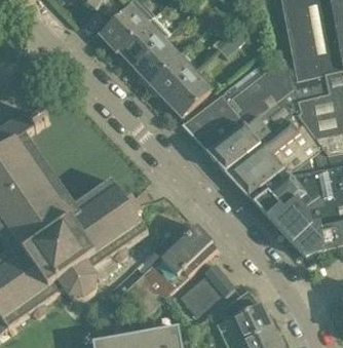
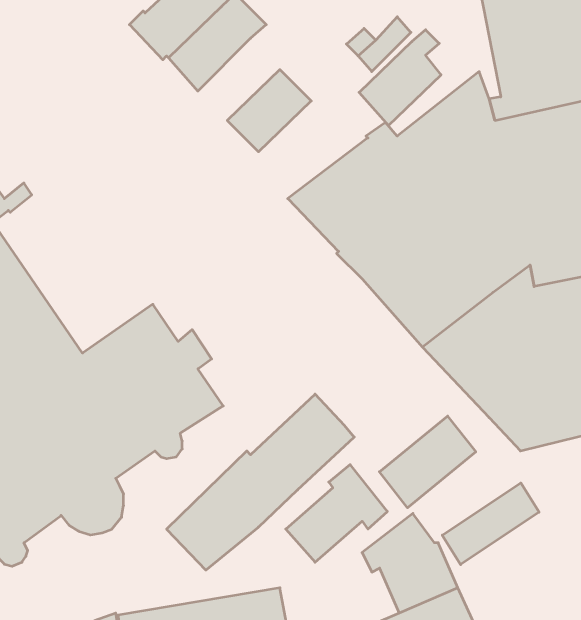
building: [135,39,178,82] -> none
building: [166,66,209,116] -> [359,30,441,126]
building: none -> [379,416,476,508]
building: none -> [442,483,539,565]

